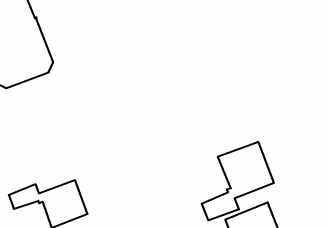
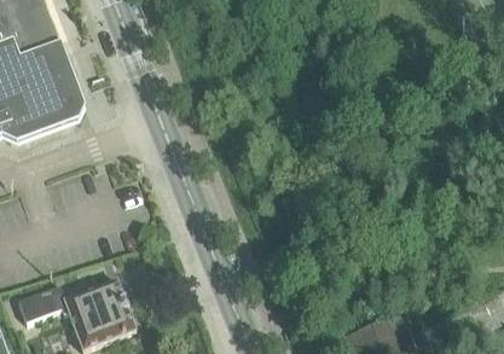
building: [202,142,274,220] -> none

